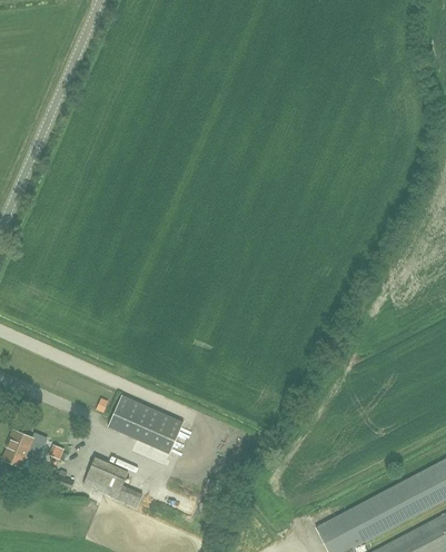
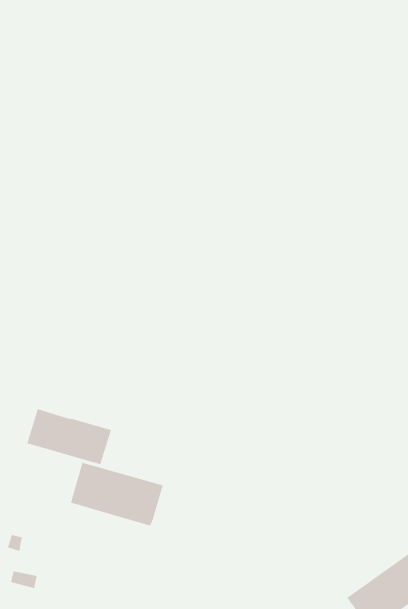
building: [82,456,151,507] -> [26,409,112,465]

